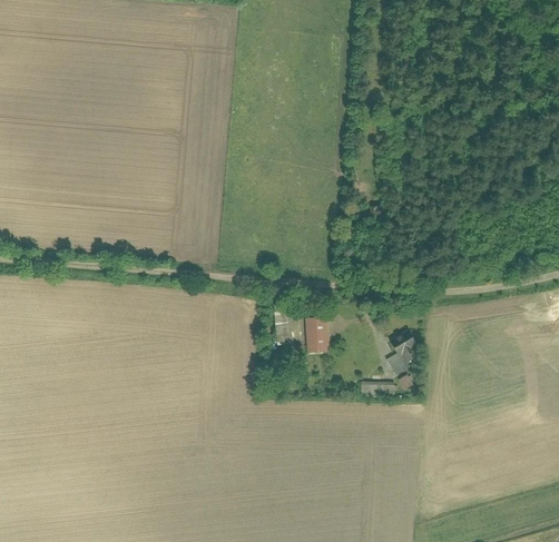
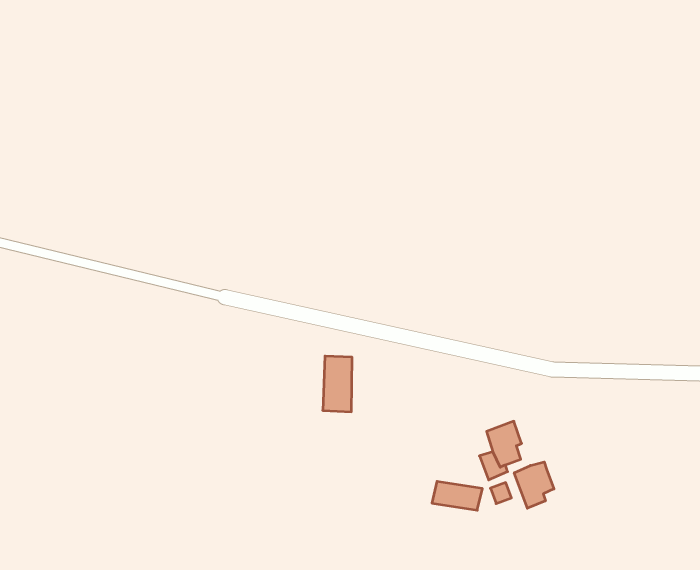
building: [305,319,328,356] -> none
building: none -> [514,462,554,508]

